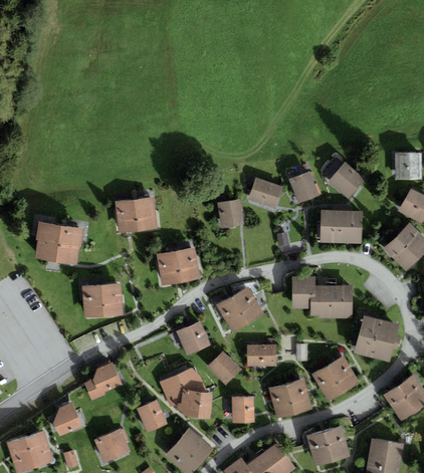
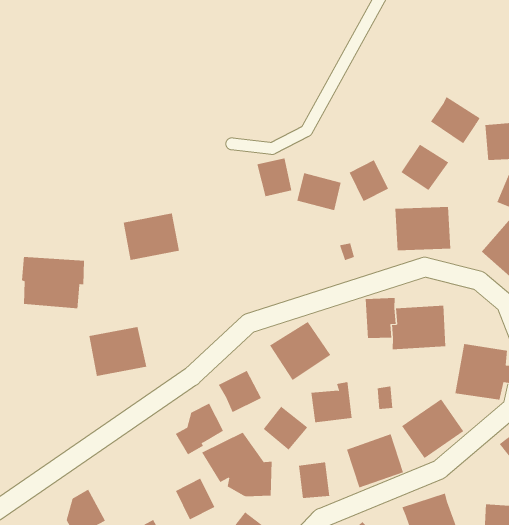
building: none -> [430,96,481,144]
building: [217,199,242,227] -> [257,158,292,197]
building: [156,247,199,285] -> none
building: [82,362,120,400] -> [175,403,224,455]

